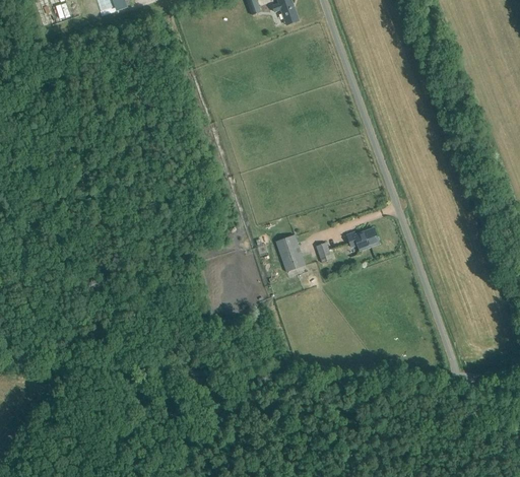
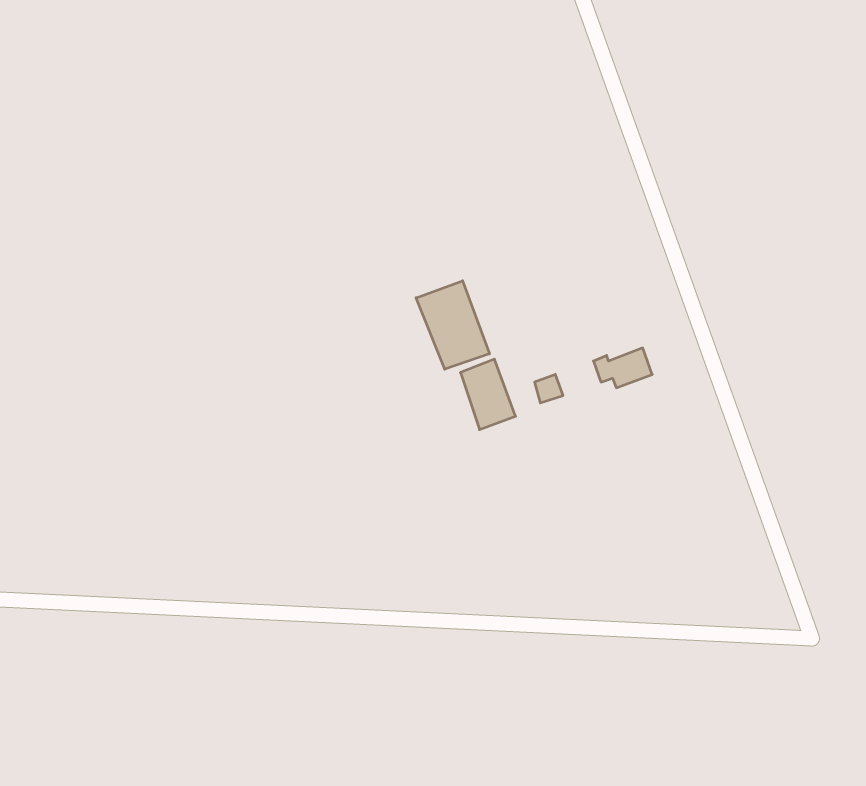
building: none -> [416,281,489,369]

